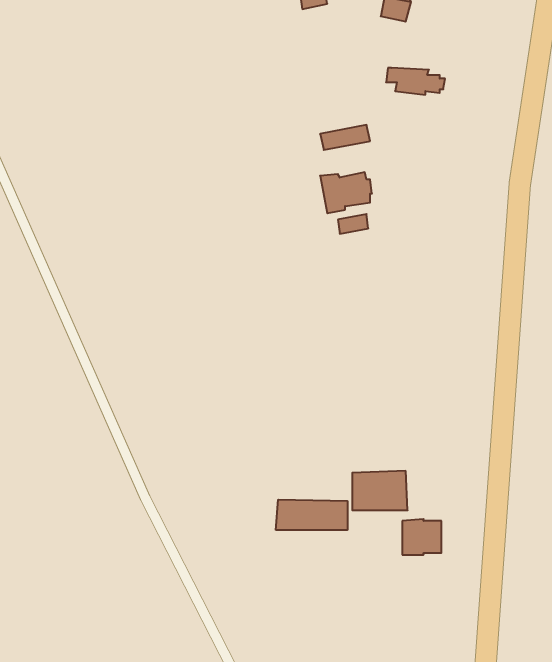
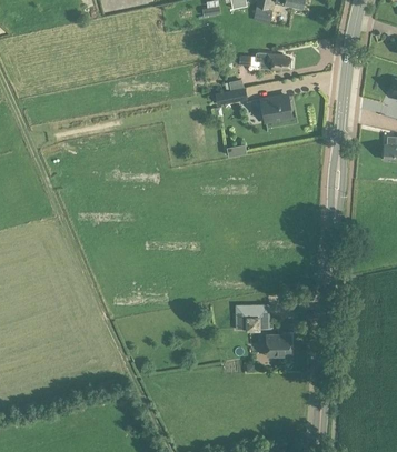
building: [320,172,372,213] -> [259,97,291,122]
building: [276,500,347,530] -> none

